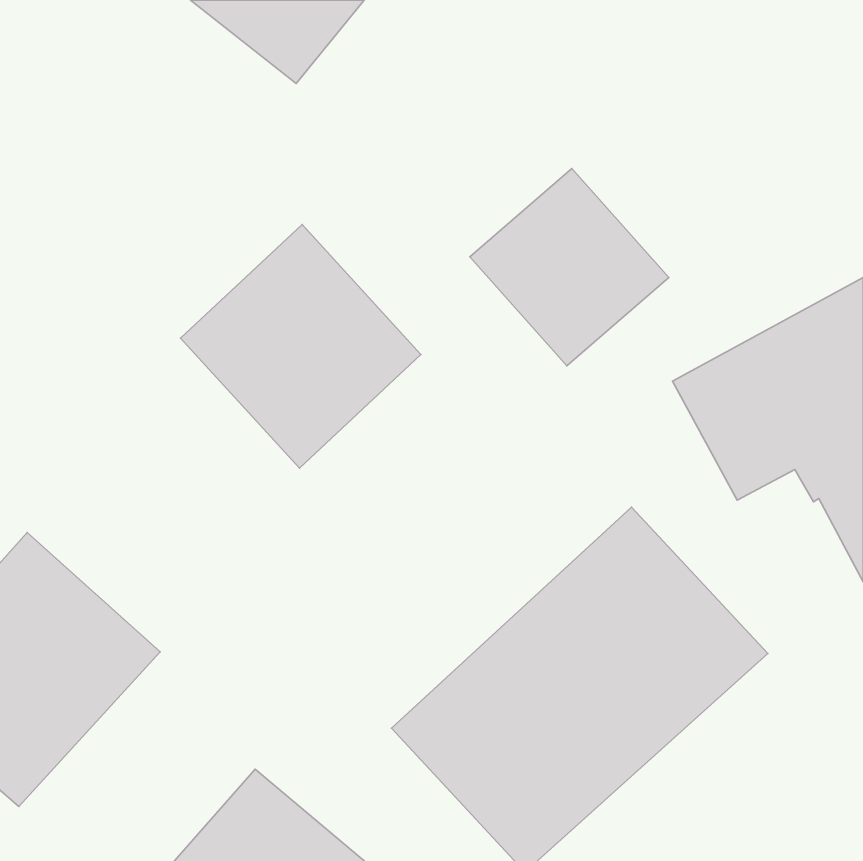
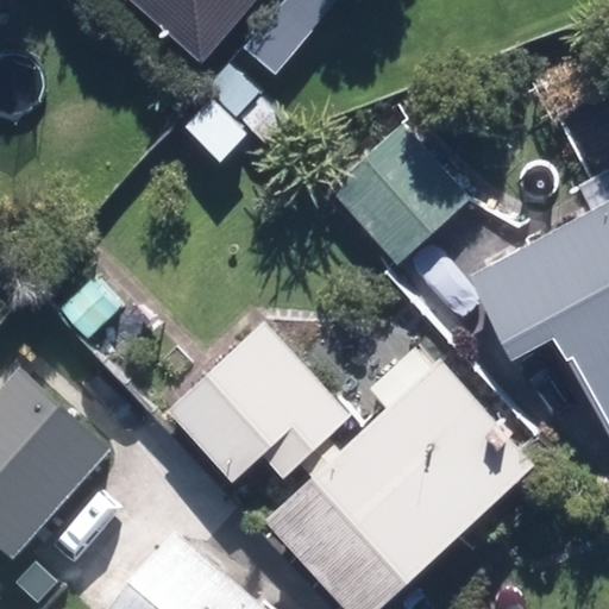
building: [181,224,421,468] -> none
building: none -> [167,320,350,503]

